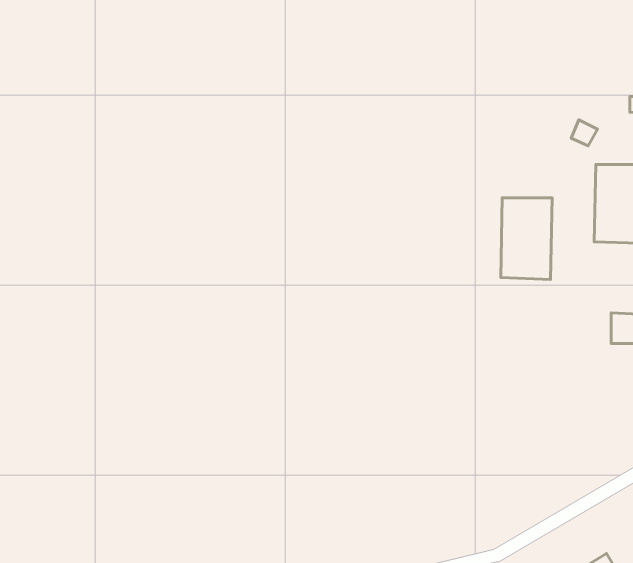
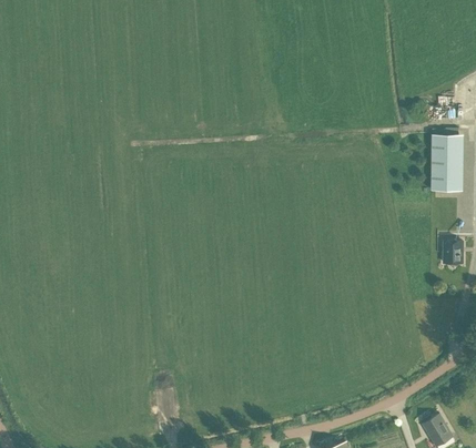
building: [501,198,552,279] -> none

